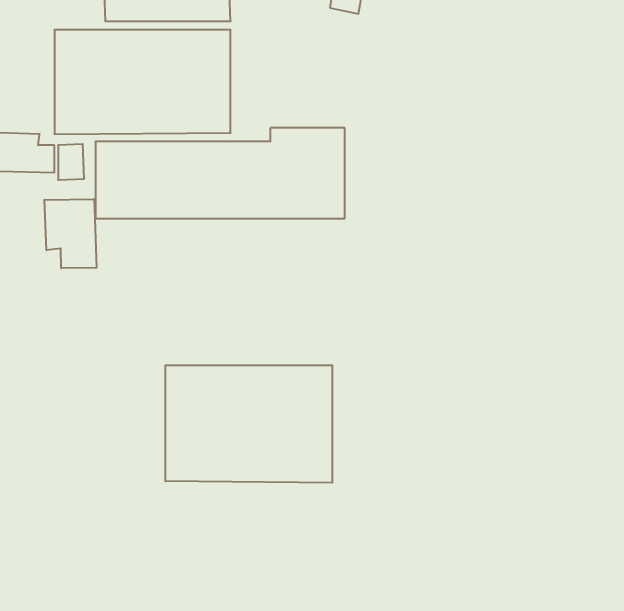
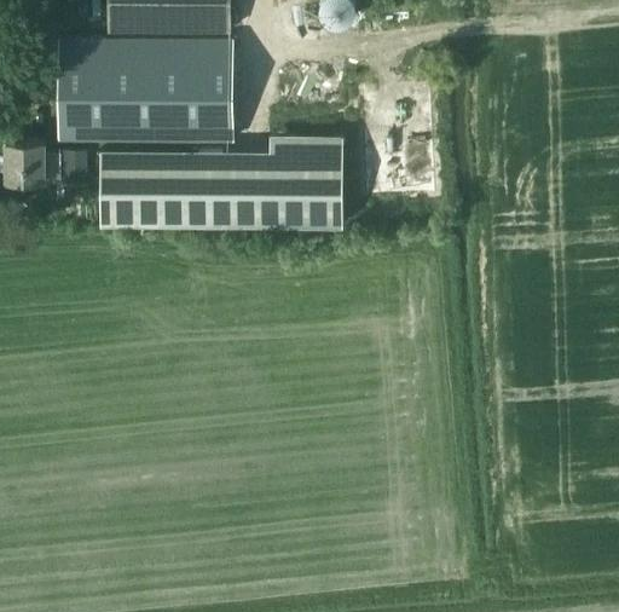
building: [44,199,97,268] -> none
building: [165,365,332,483] -> none

